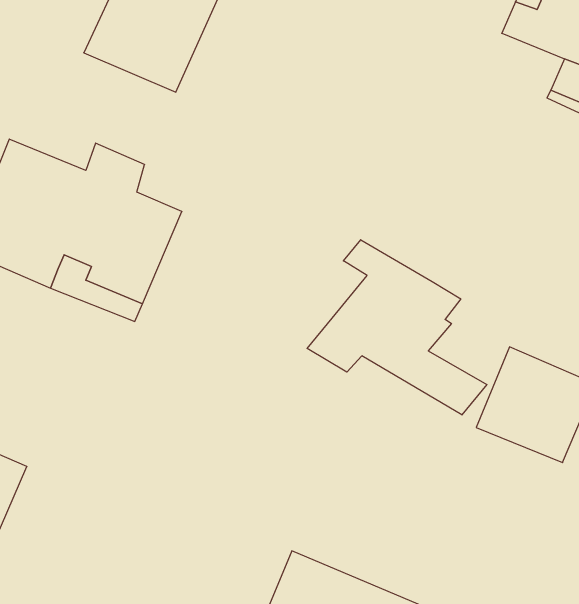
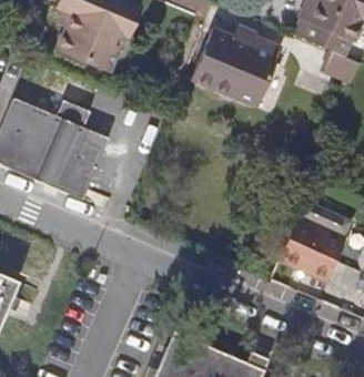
building: none -> [190,31,280,108]
building: [307,240,487,415] -> none

